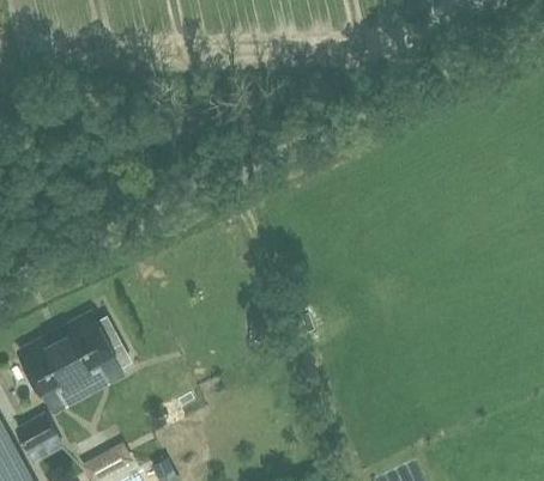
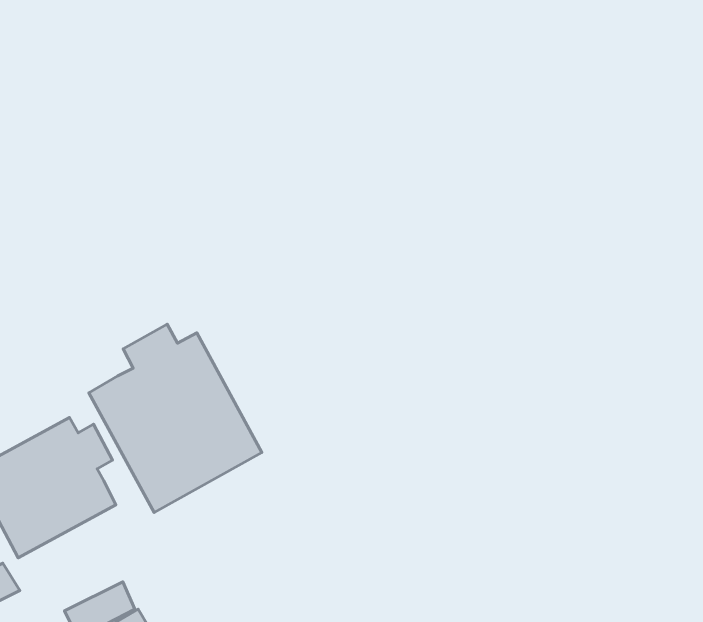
building: none -> [89,324,262,513]

